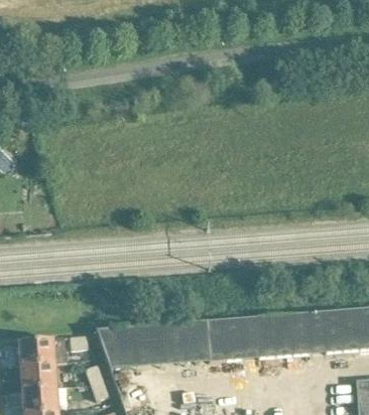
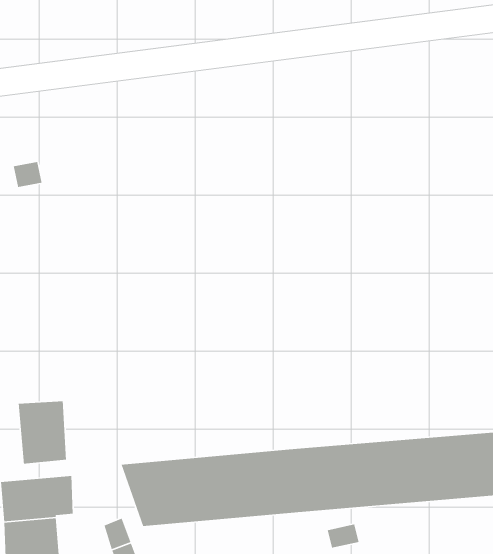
building: none -> [18,400,67,465]

